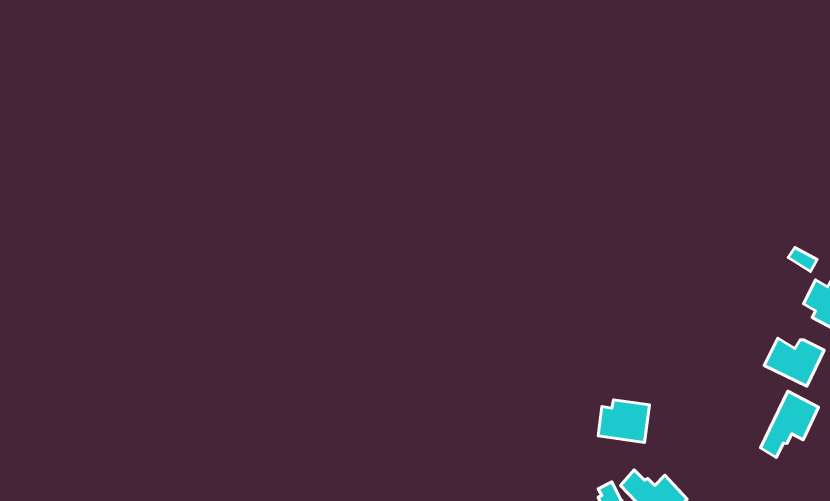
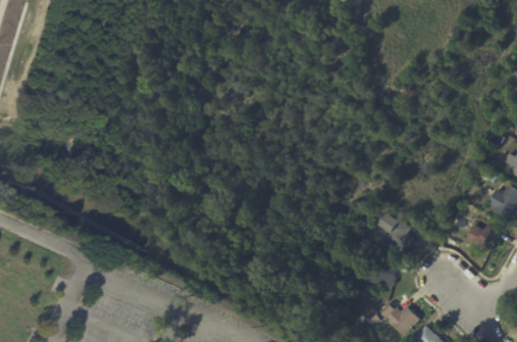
building: none -> [373,213,414,254]
building: [761,391,818,458] -> none

